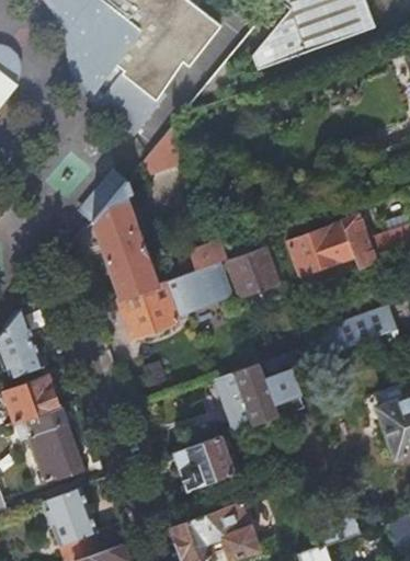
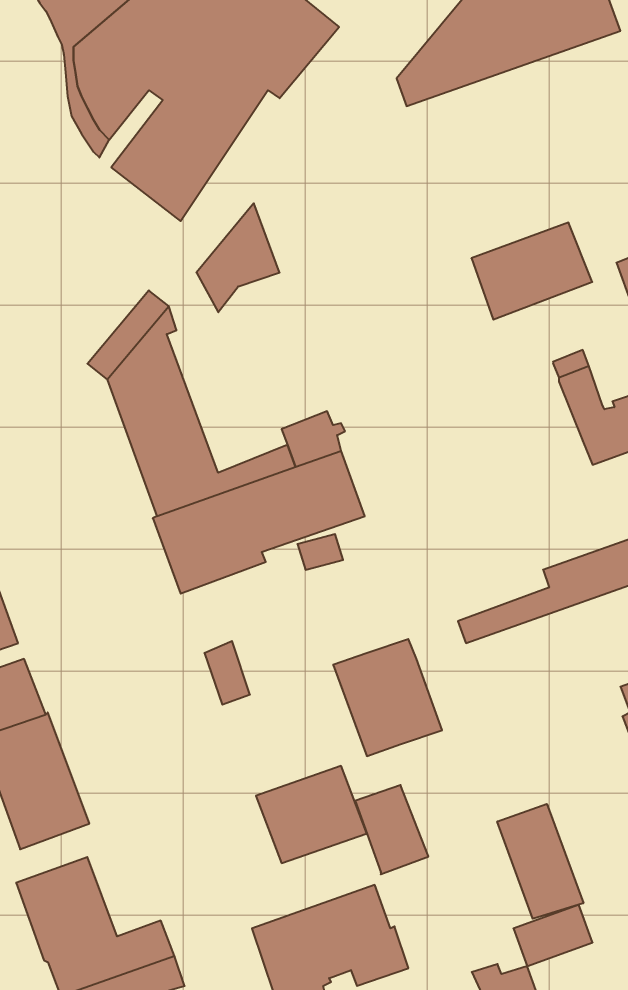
building: [288,222,355,276] -> [471,223,592,320]
building: [228,249,281,298] -> none
building: [263,367,304,416] -> [355,785,428,874]
building: none -> [497,804,583,919]

